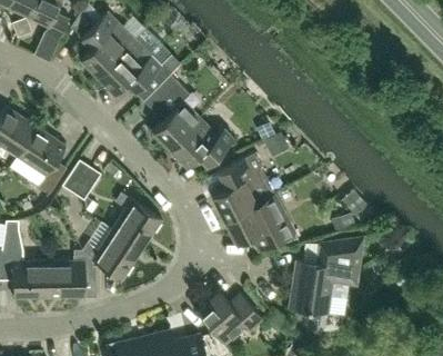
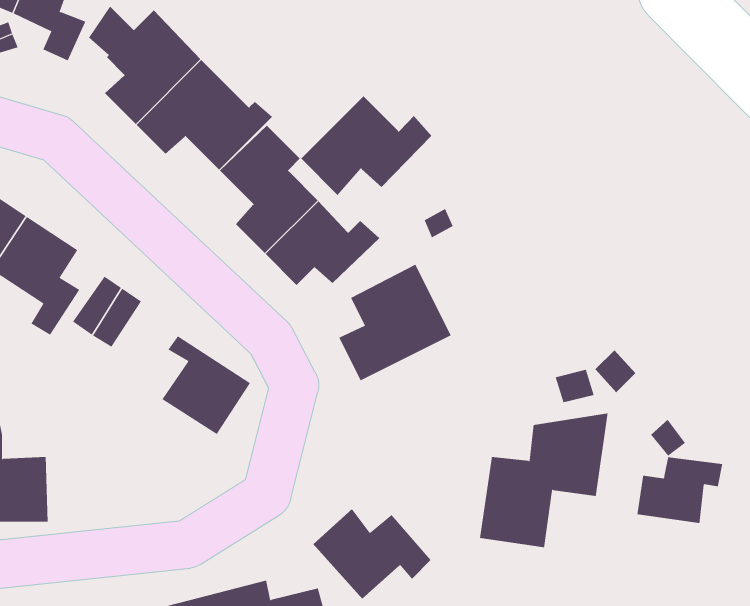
building: none -> [301,96,432,196]
building: [223,194,298,251] -> none
building: [48,229,143,298] -> none
building: none -> [637,457,723,524]

